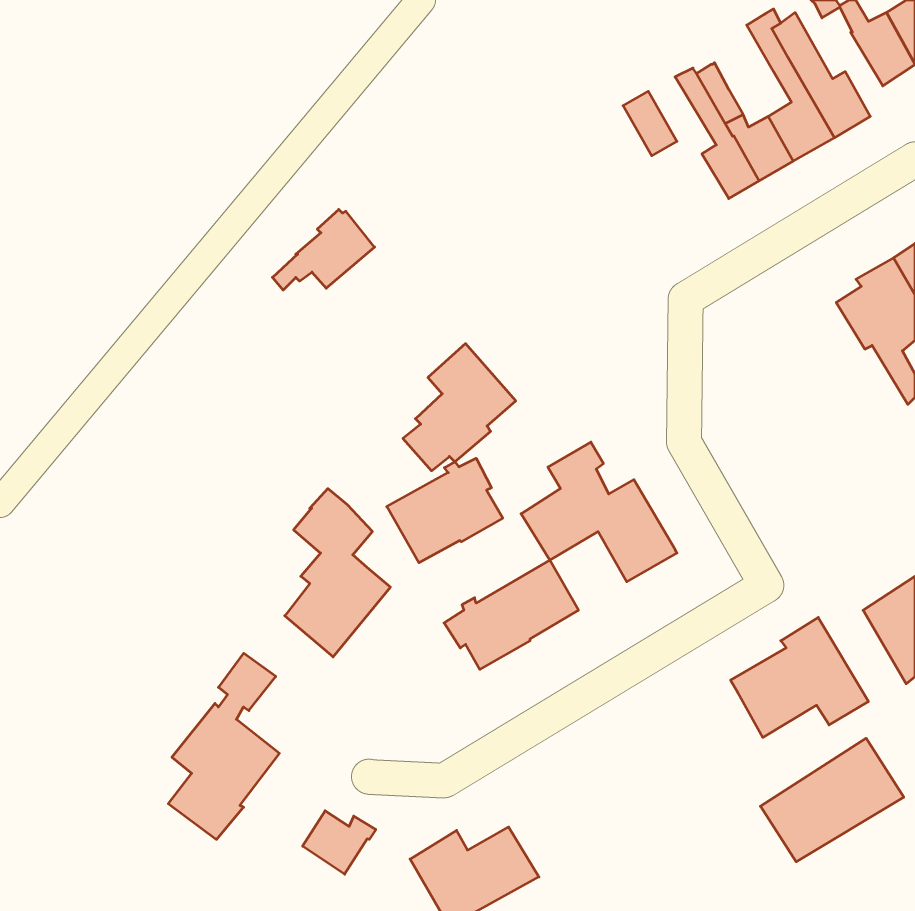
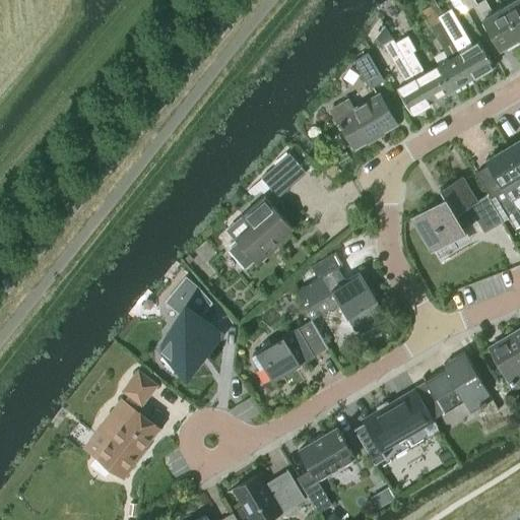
building: none -> [331,94,398,150]
building: [272,209,375,290] -> [248,153,306,199]
building: none -> [410,177,504,254]
building: [387,458,503,563] -> none
building: [760,738,904,862] -> [352,389,434,459]
building: none -> [297,428,355,514]
building: [303,811,376,874] -> none

